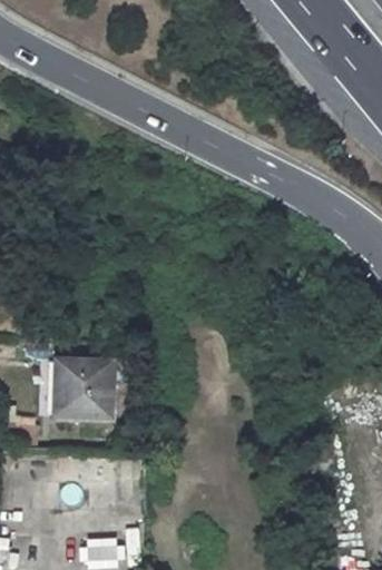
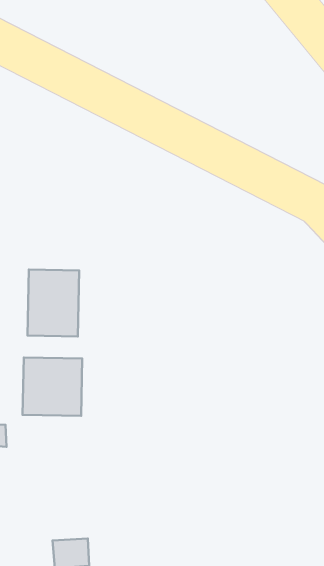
building: none -> [27,270,79,337]

